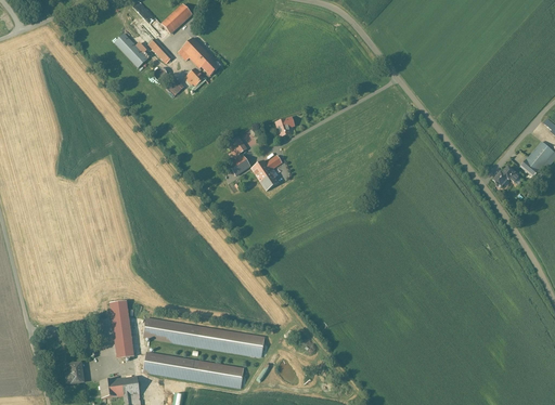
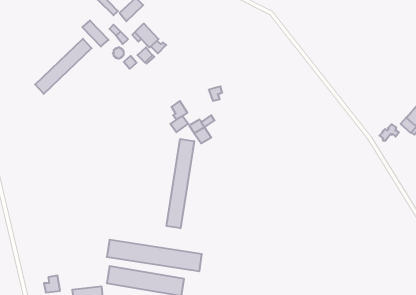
building: none -> [35,39,92,94]
building: none -> [167,139,194,228]
building: [108,299,135,356] -> none

